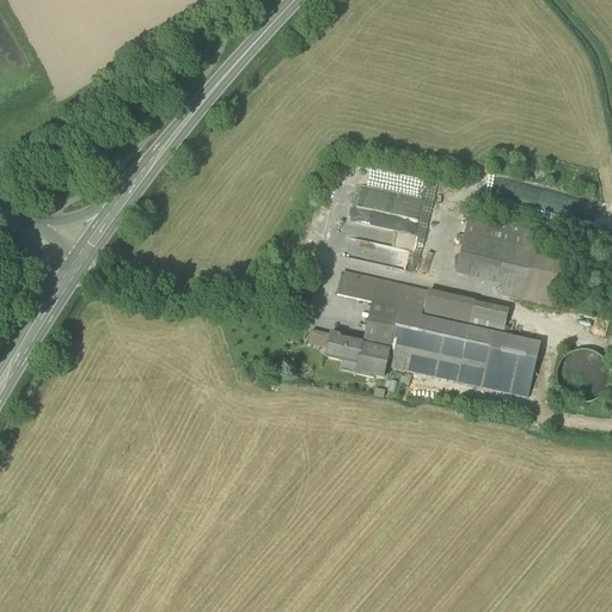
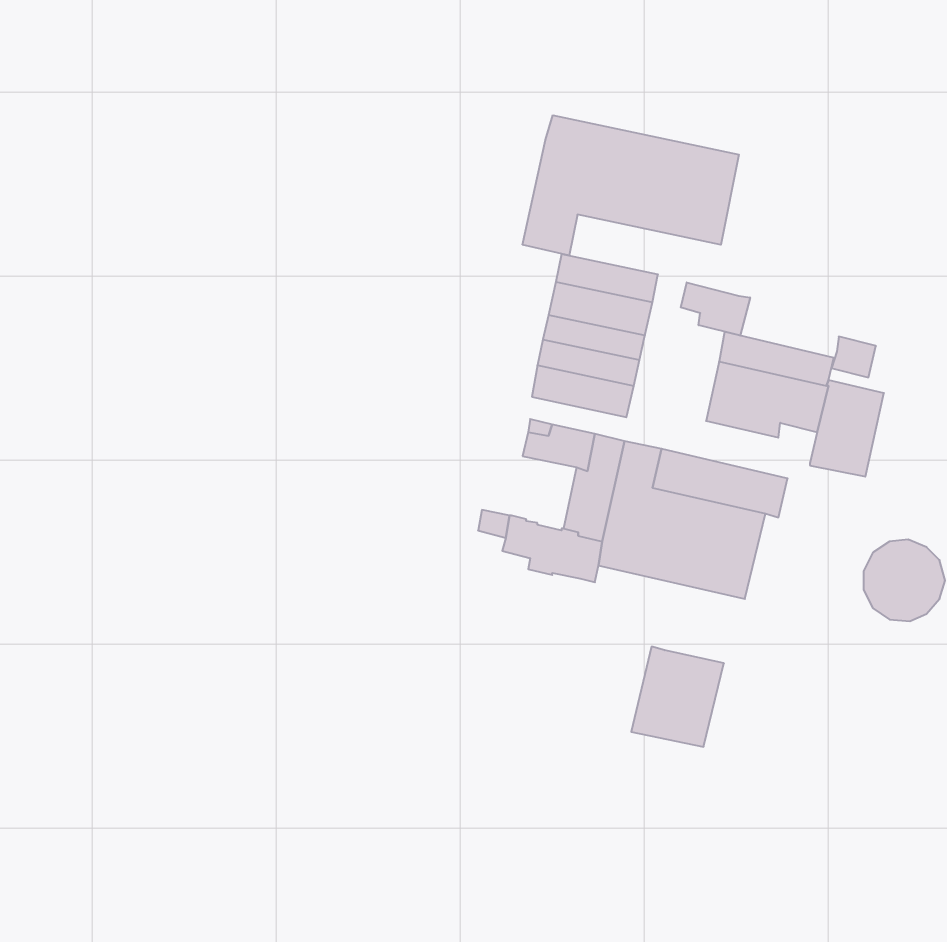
building: none -> [523,115,739,256]
building: none -> [681,282,750,336]
building: [498,273,527,299] -> [831,337,876,377]
building: [481,331,540,396] -> [631,647,724,747]

